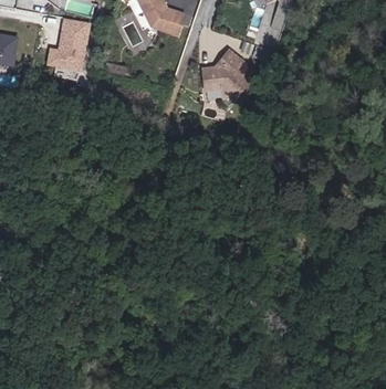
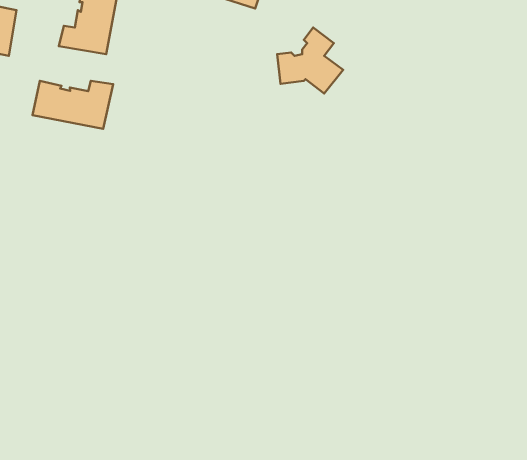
building: none -> [33,81,113,129]

